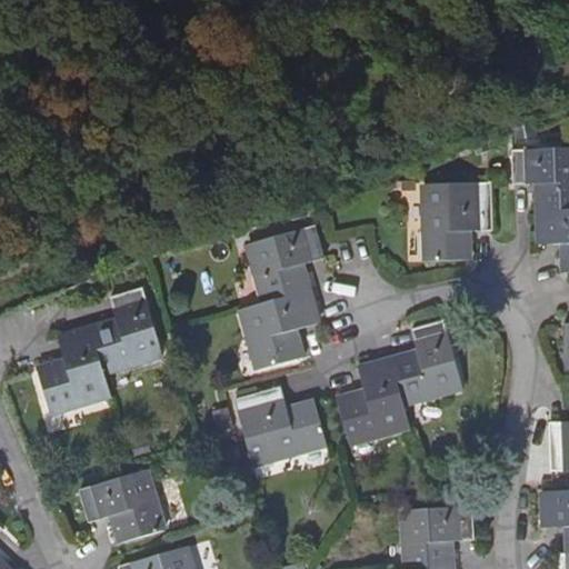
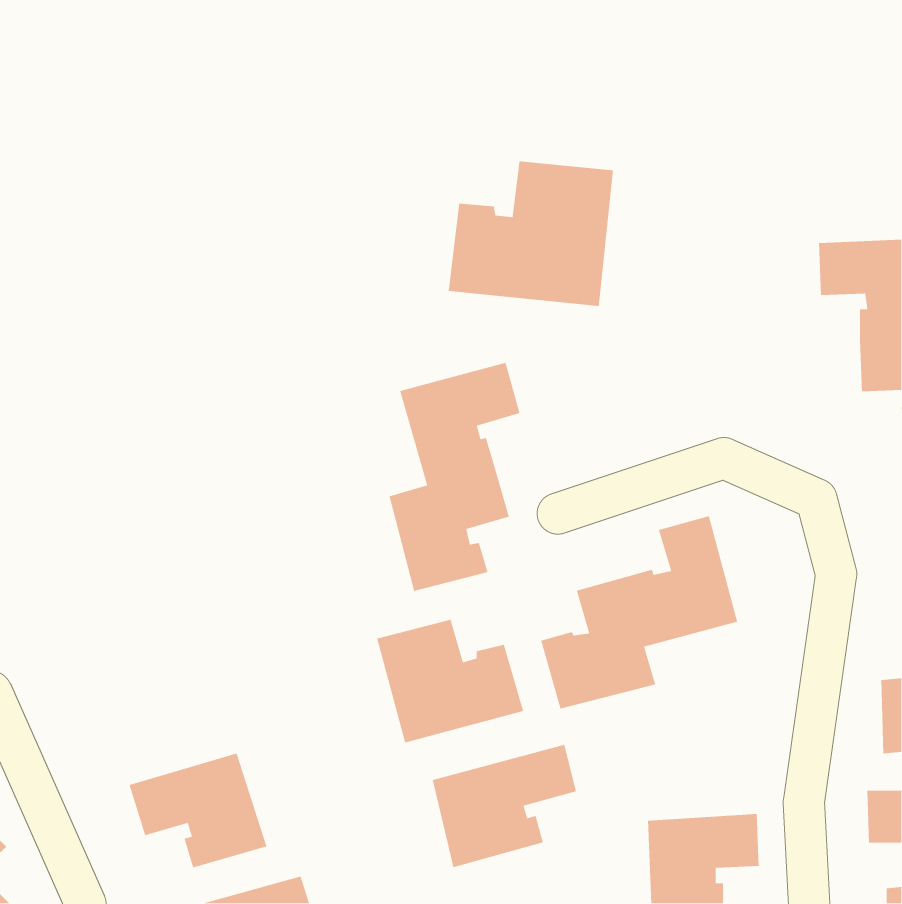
building: none -> [448,161,614,307]
building: [422,184,491,261] -> none
building: [39,288,163,413] -> none
building: none -> [432,744,577,868]

